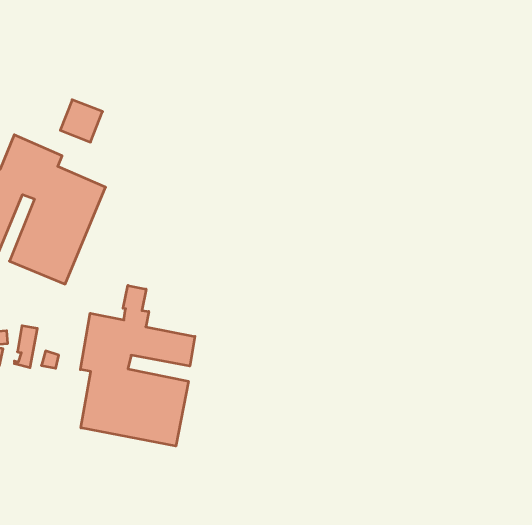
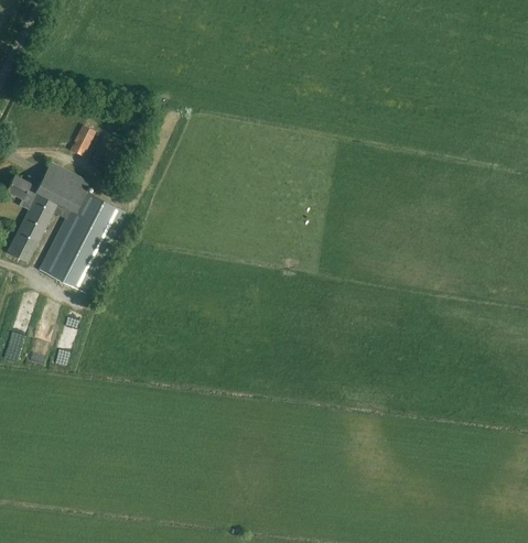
building: none -> [66,123,93,155]
building: [80,285,195,446] -> none

